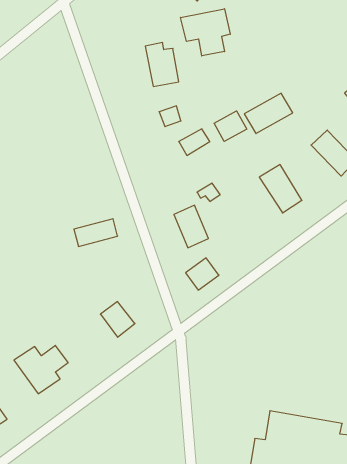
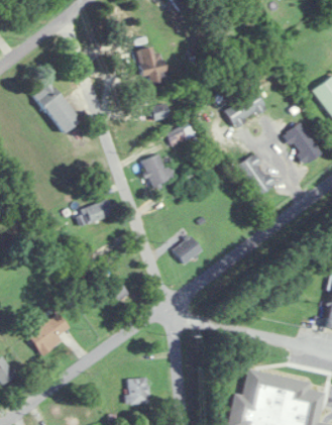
building: [181,9,230,56] -> none
building: none -> [33,82,80,133]
building: [214,111,247,141] -> none
building: [174,205,208,248] -> [141,152,172,190]
building: none -> [127,378,148,404]

